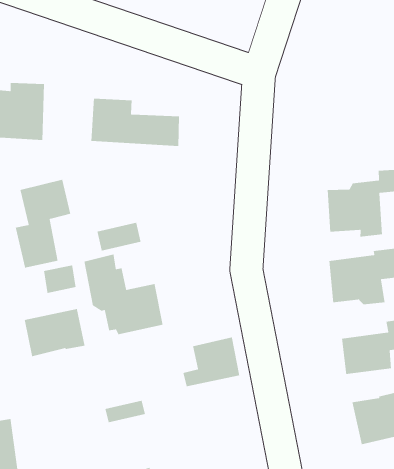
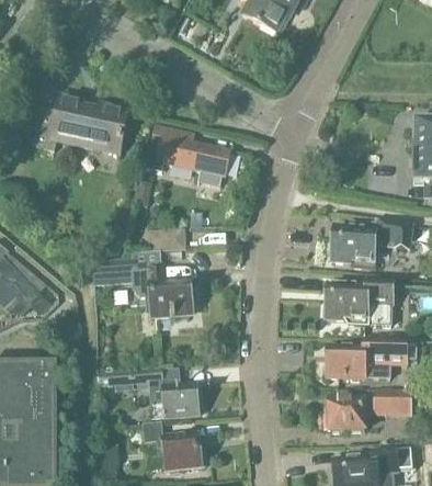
building: [15,179,71,269] -> none
building: [24,308,86,357] -> none
building: [183,337,240,387] -> [151,383,196,417]

